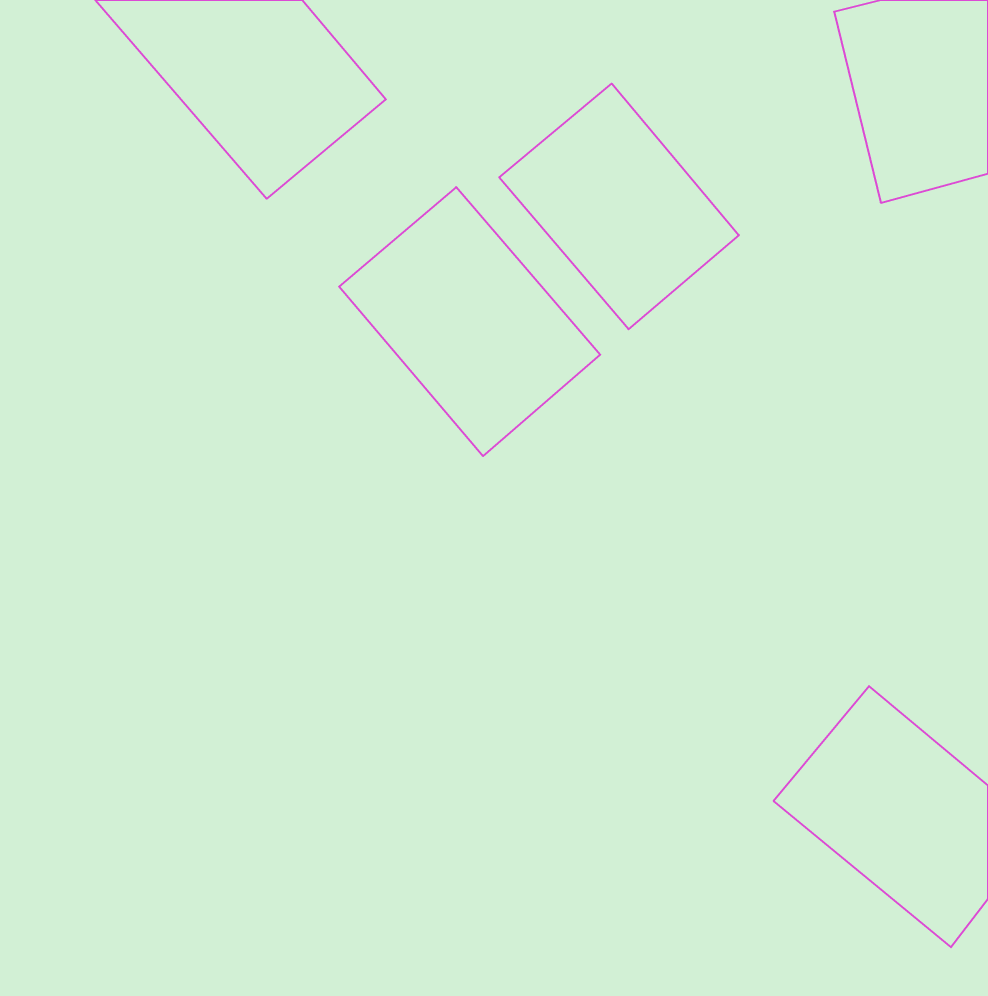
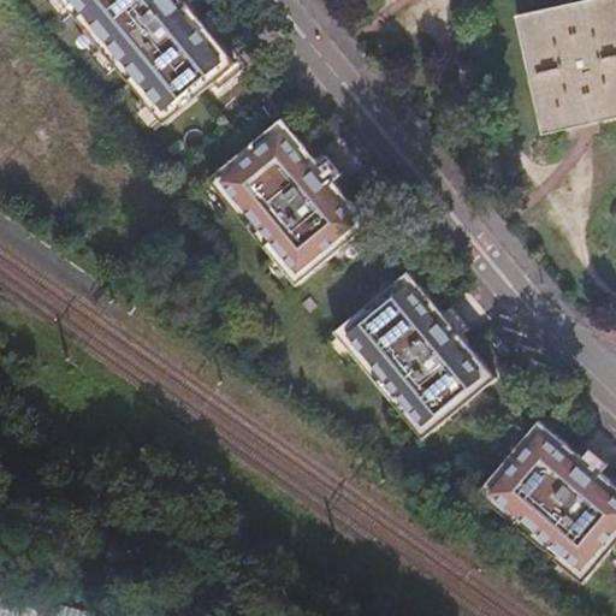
building: [499,84,739,329] -> none
building: none -> [338,266,499,432]

